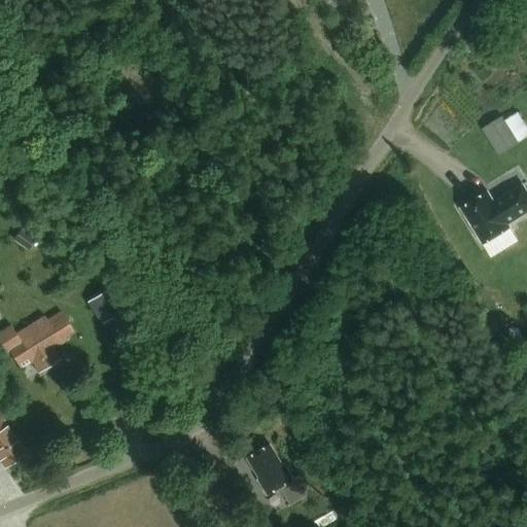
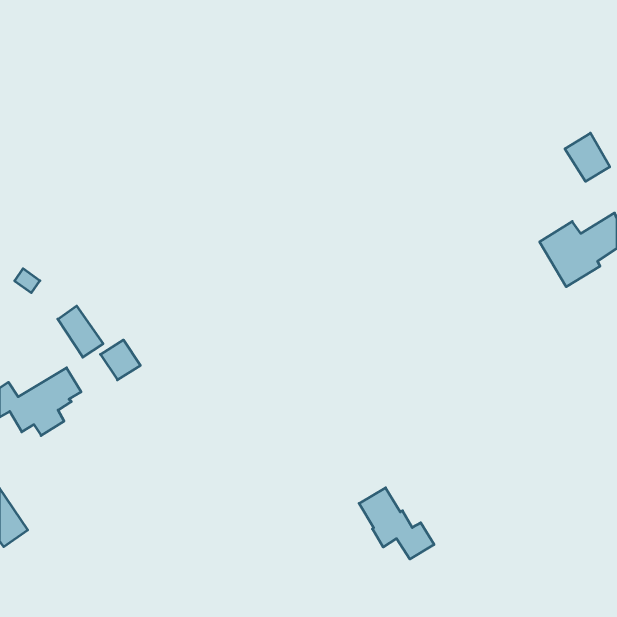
building: none -> [58,306,103,357]
building: [247,443,311,503] -> [359,488,434,559]

